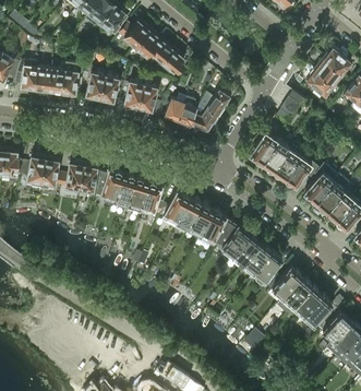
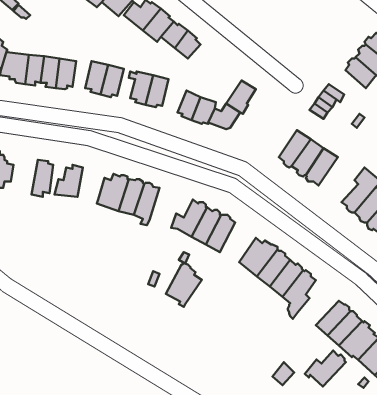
building: [22,155,45,187] -> none
building: [284,155,316,187] -> none
building: [79,164,101,191] -> none
building: [140,181,163,215] -> none
building: [200,210,230,247] -> [166,263,202,307]
building: [266,268,301,298] -> [305,351,346,387]

